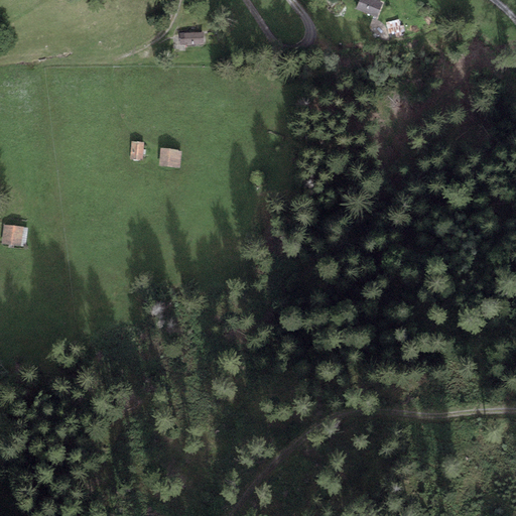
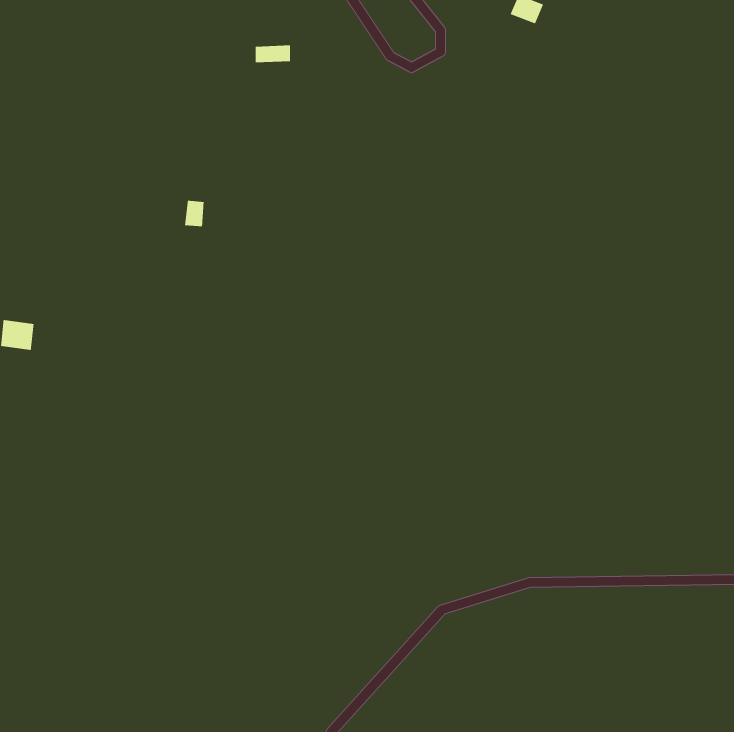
building: [159,148,182,167] -> none

